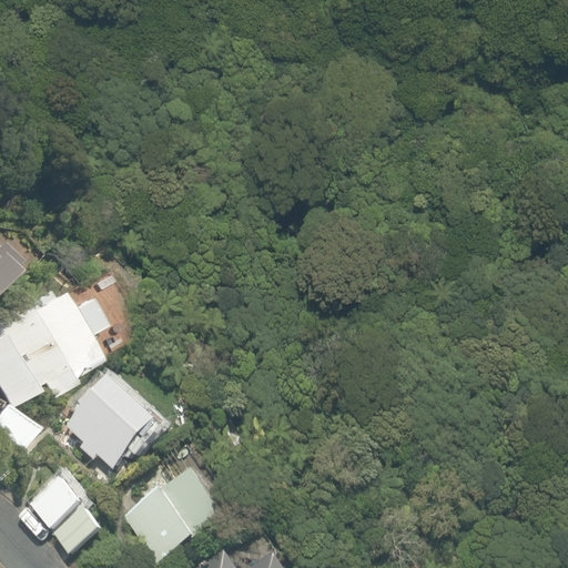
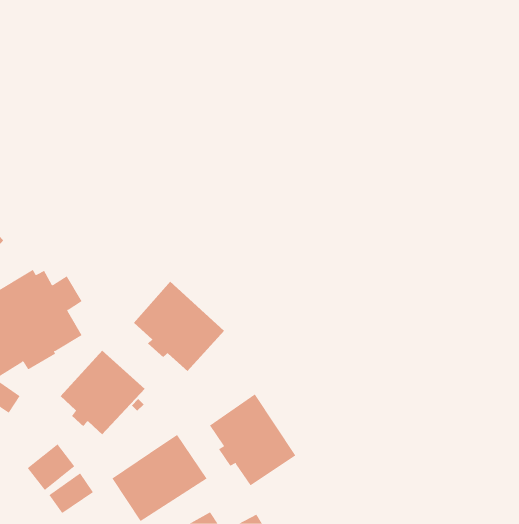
building: none -> [133,281,225,372]
building: none -> [209,393,296,486]

